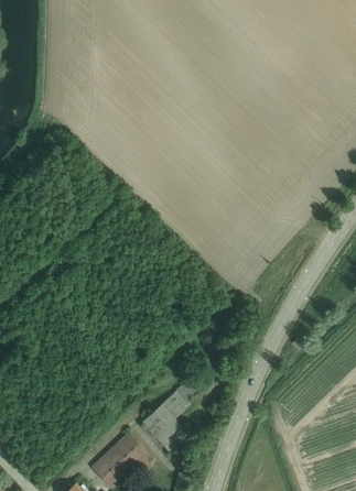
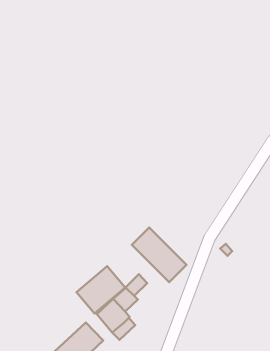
building: none -> [132,227,187,282]
building: none -> [76,266,125,314]

